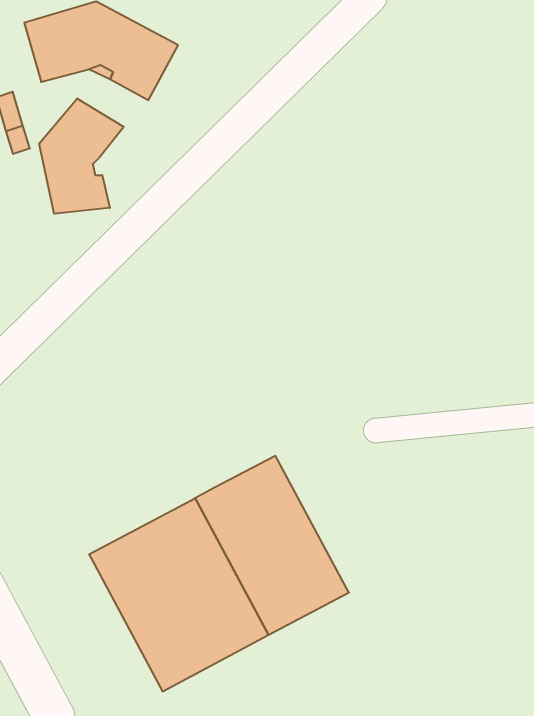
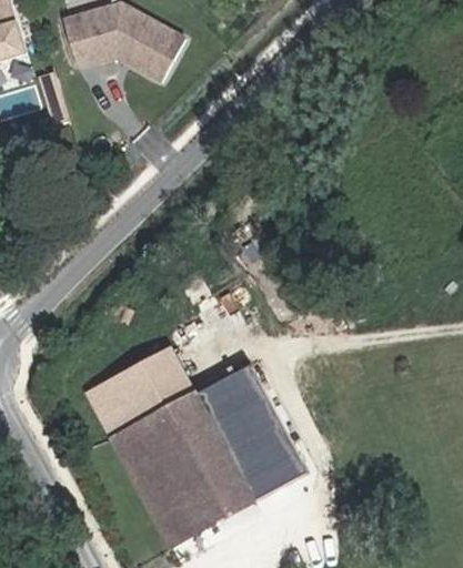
building: [39,98,124,214] -> none
building: none -> [87,348,191,437]

